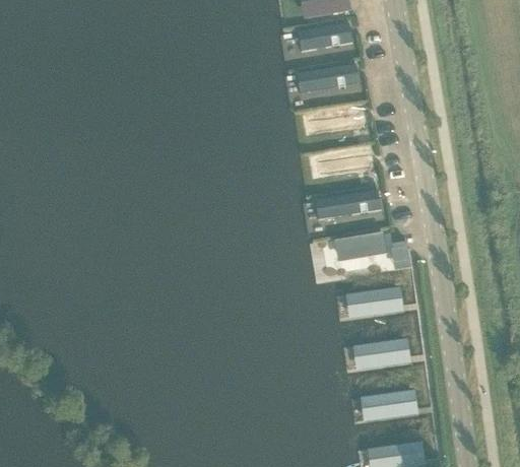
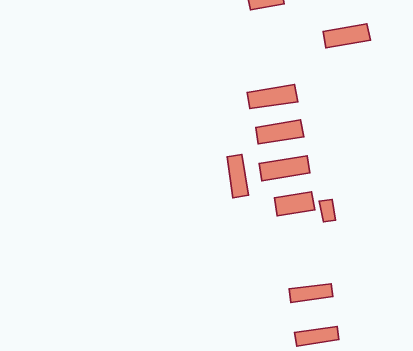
building: [302,23,350,51] -> none
building: [302,64,358,92] -> [323,24,370,48]
building: none -> [227,155,249,198]
building: [346,289,399,312] -> none

